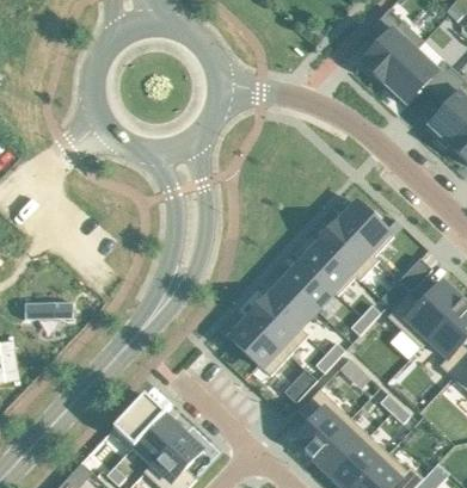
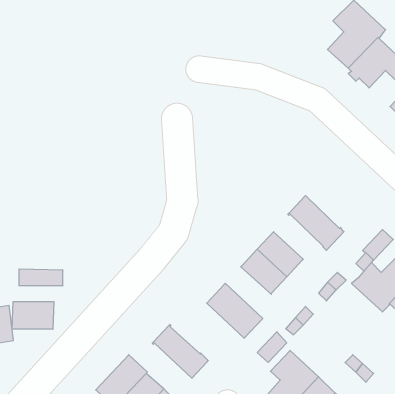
building: [337,202,392,257] -> none
building: [301,241,355,295] -> none
building: [246,296,307,354] -> [152,324,208,378]
building: none -> [12,302,54,329]

